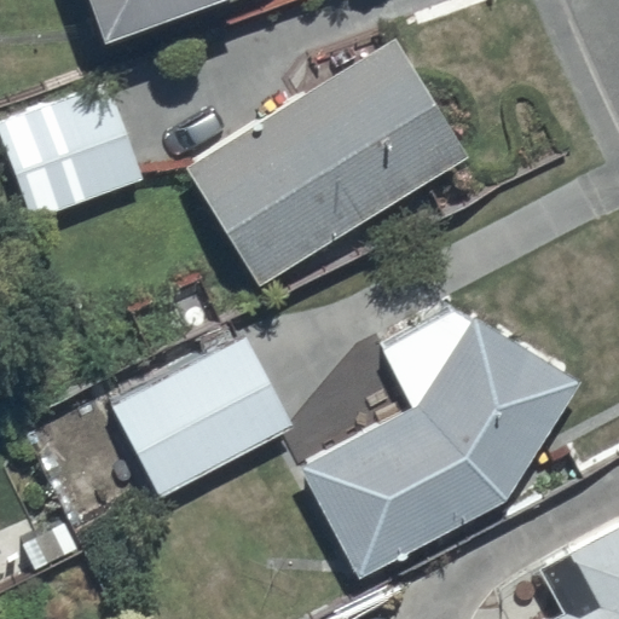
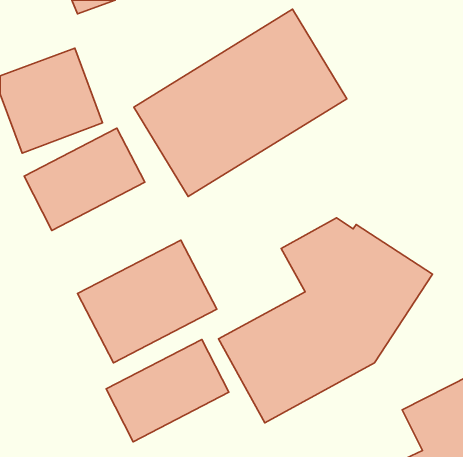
building: none -> [24,128,145,230]
building: none -> [106,339,229,442]

